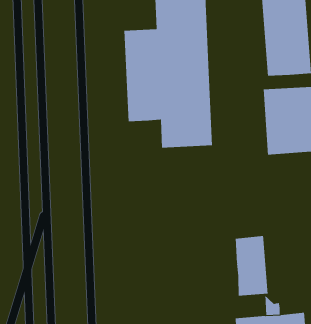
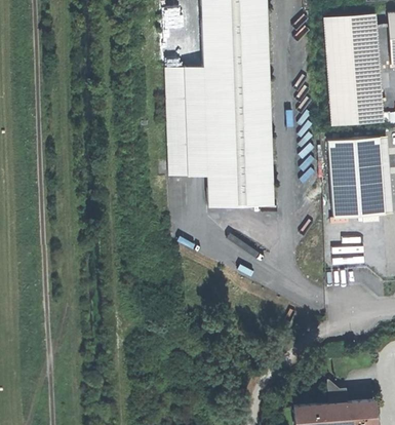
building: [235,235,268,296] -> none

